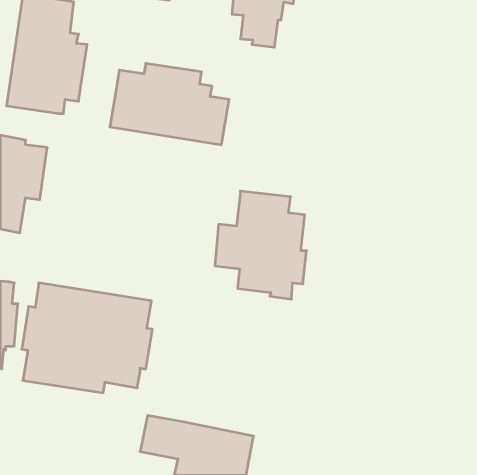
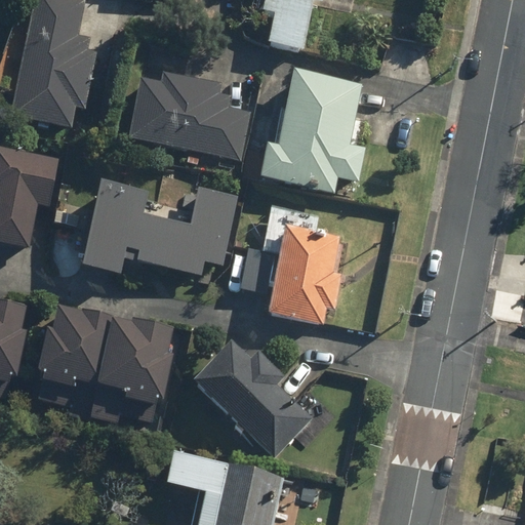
building: none -> [254,70,367,193]
building: none -> [75,181,241,284]
building: none -> [191,340,312,454]

